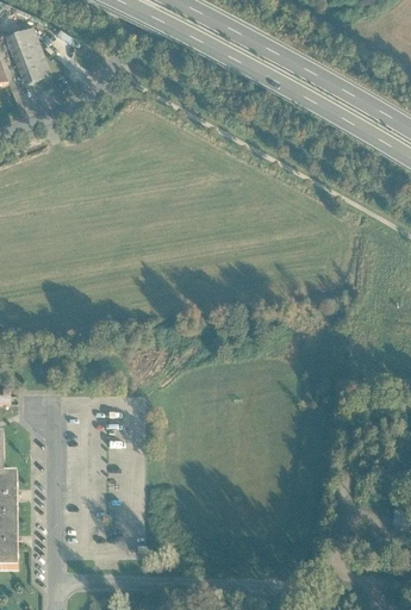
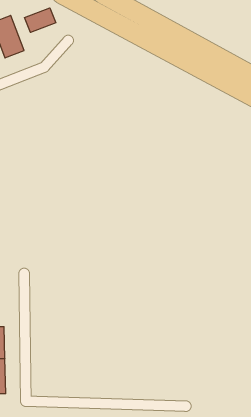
building: none -> [24,8,56,32]

